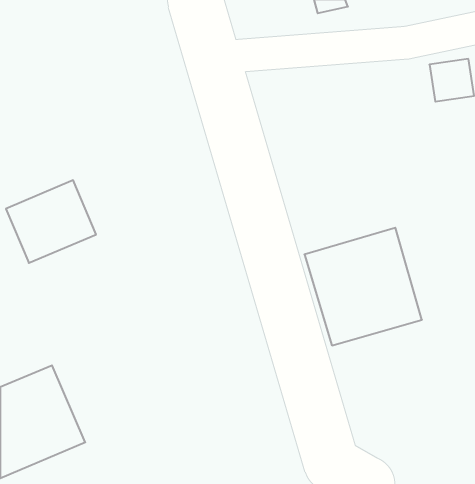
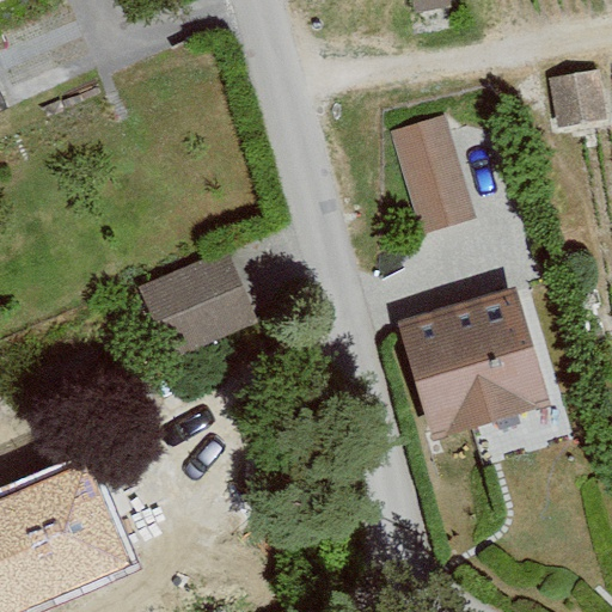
building: none -> [398,121,477,233]
building: [6,180,96,263] -> [139,251,252,355]

